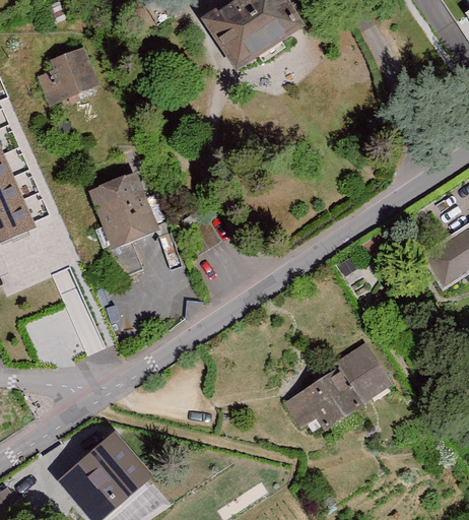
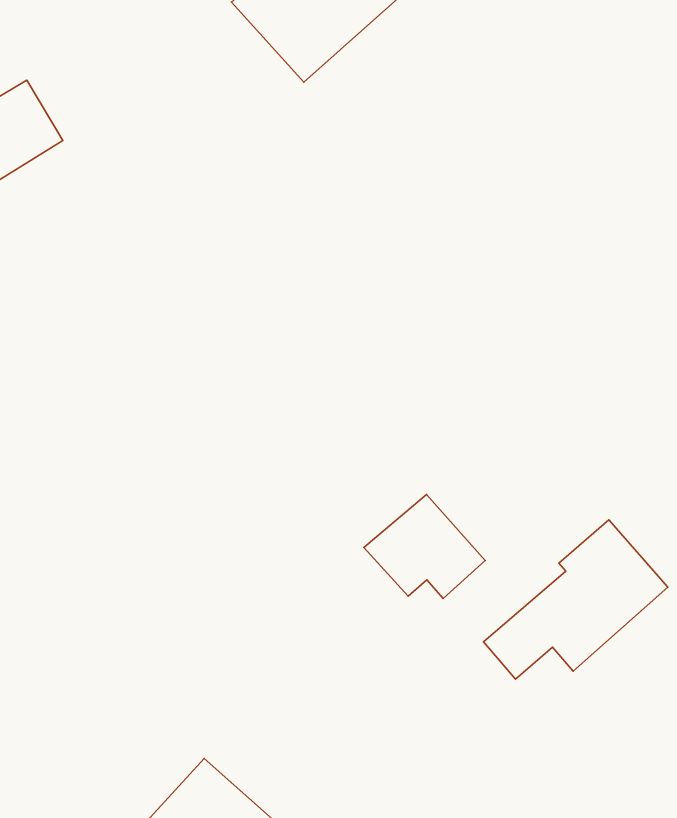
building: [90,171,162,275] -> none
building: none -> [364,494,485,598]

